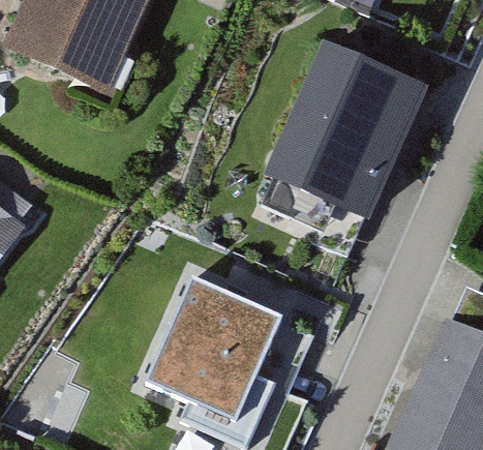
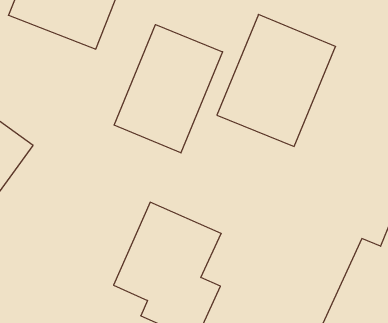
building: none -> [114,25,223,153]

